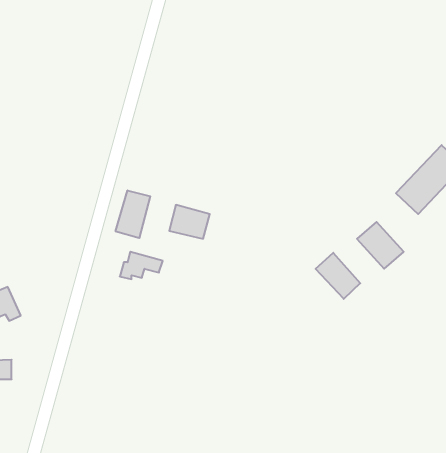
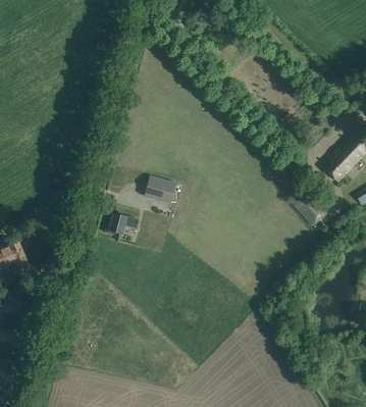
building: [116,190,150,238] -> none
building: [316,253,360,299] -> none

